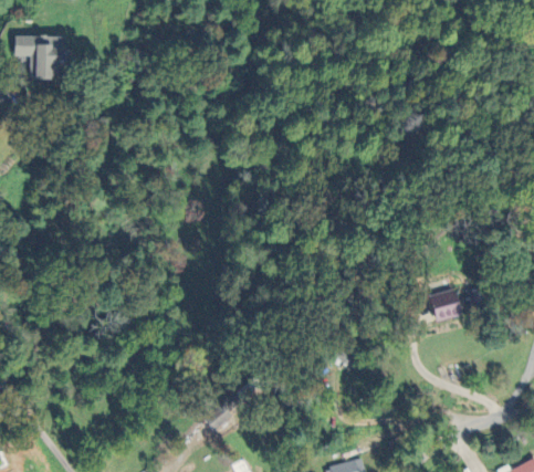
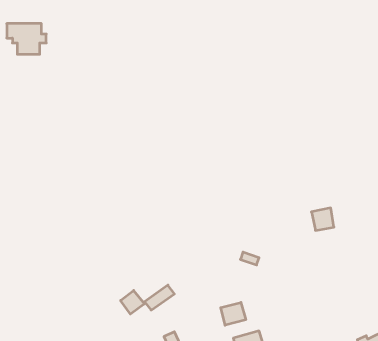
building: none -> [121,290,144,314]
building: none -> [221,302,246,325]

